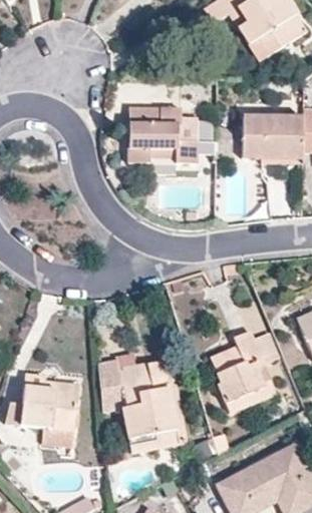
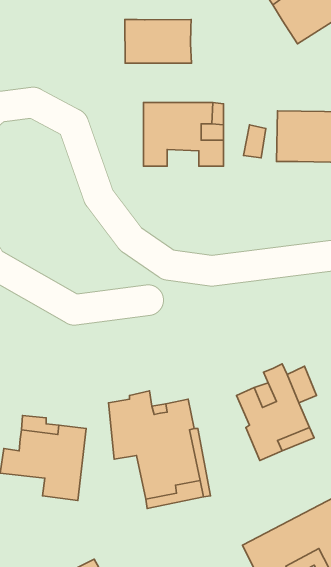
building: none -> [125,19,191,63]

